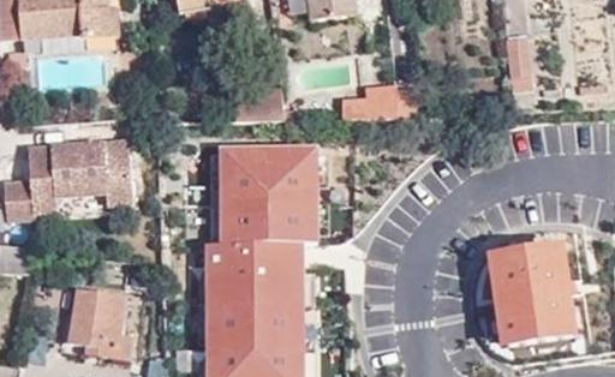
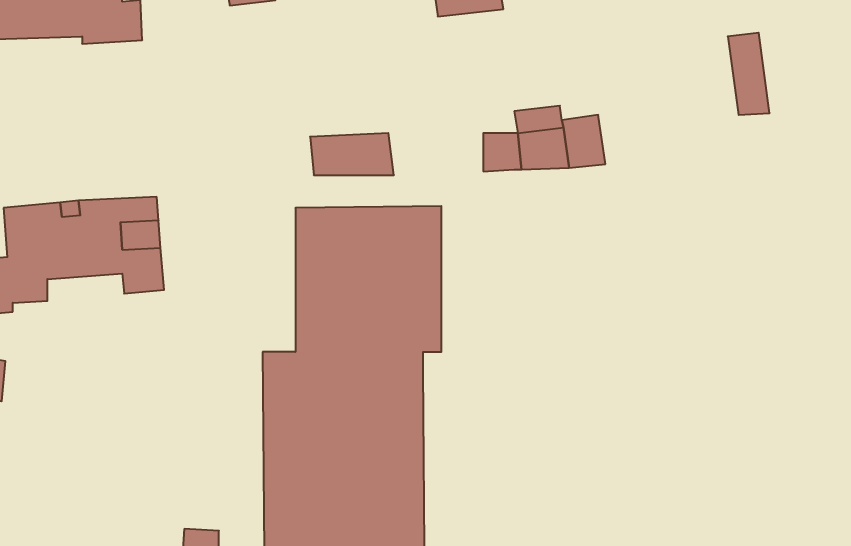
building: [490,249,572,346] -> none
building: [67,288,131,360] -> none

